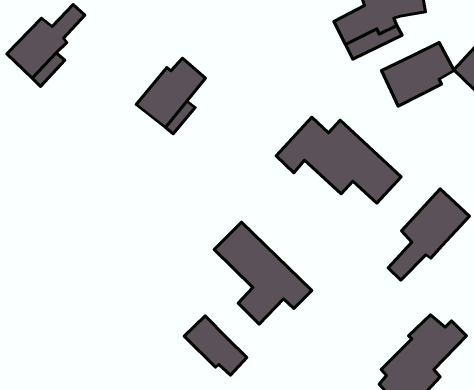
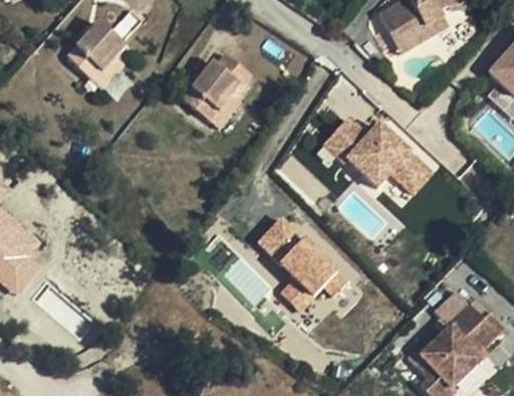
building: [382,42,454,106] -> none
building: [388,189,469,280] -> none
building: [184,316,247,375] -> none

